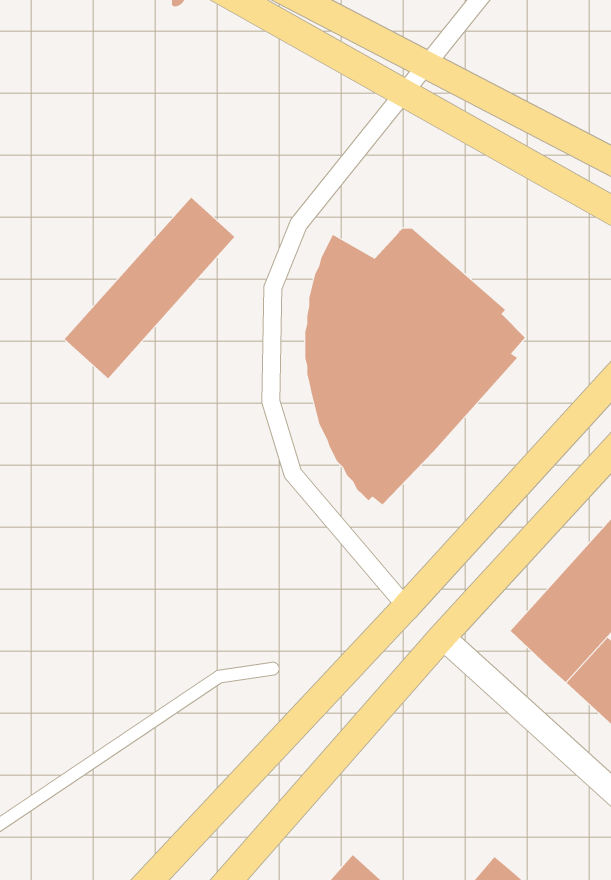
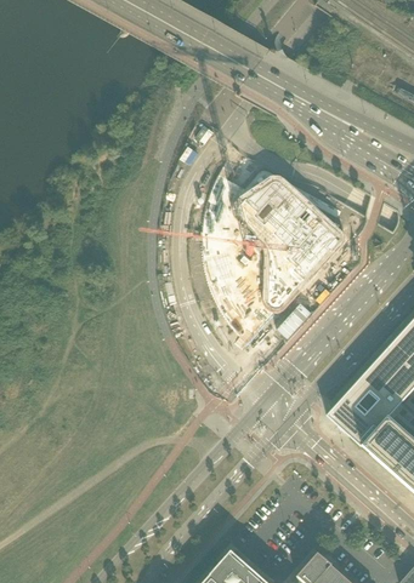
building: [64,197,235,379] -> none

